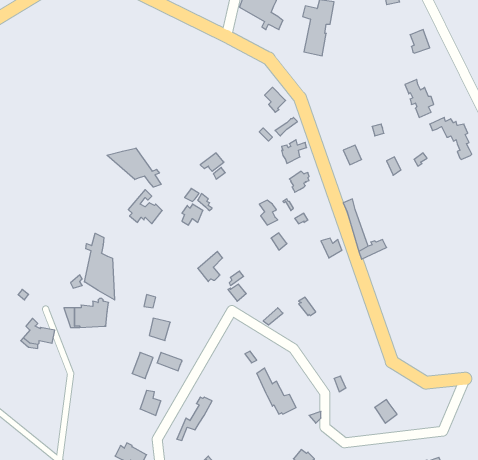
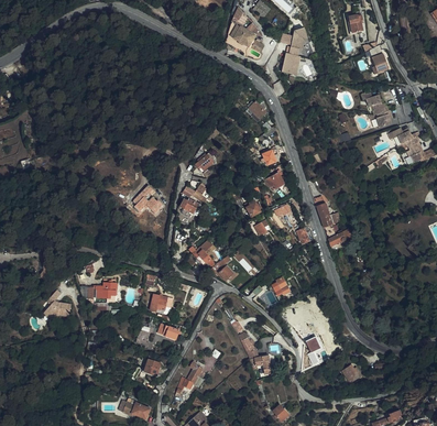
building: [107,148,161,187] -> none
building: [84,233,115,300] -> none

